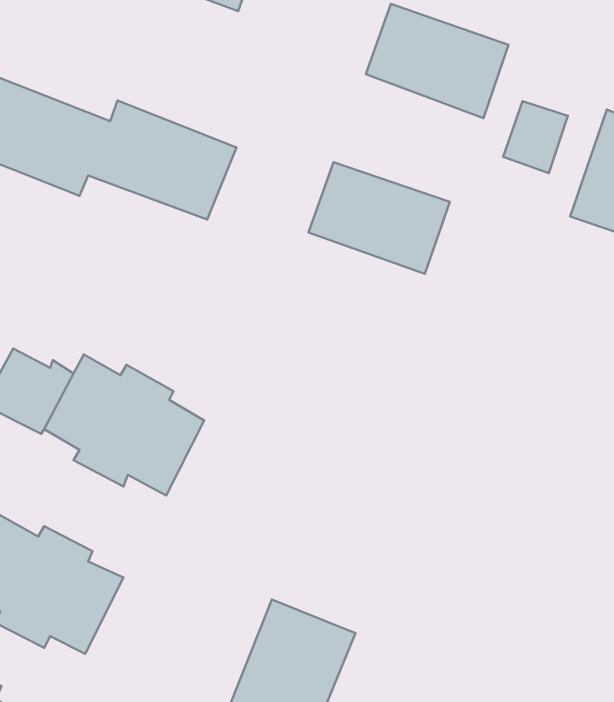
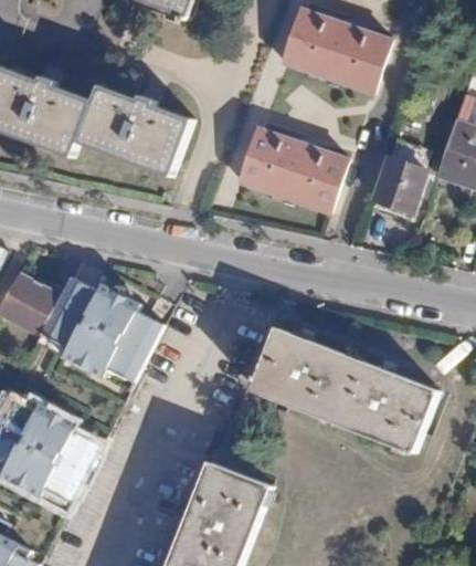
building: [503,101,568,173] -> [374,158,423,212]
building: none -> [252,326,441,455]

